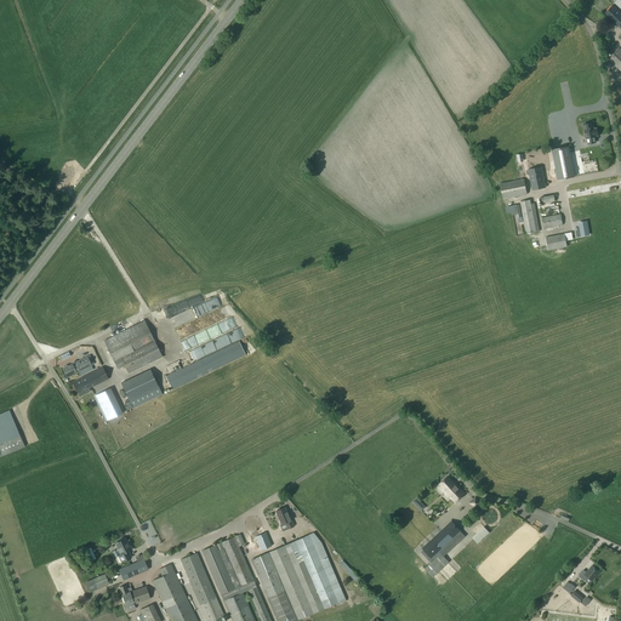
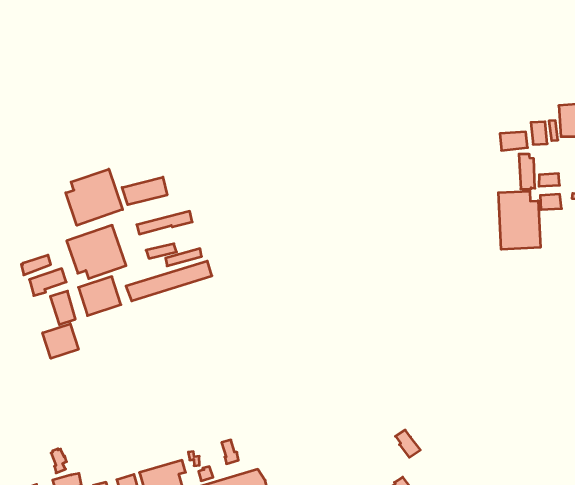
building: none -> [498,191,540,249]
building: none -> [66,169,123,225]
building: none -> [122,177,167,205]
building: none -> [43,324,78,358]

